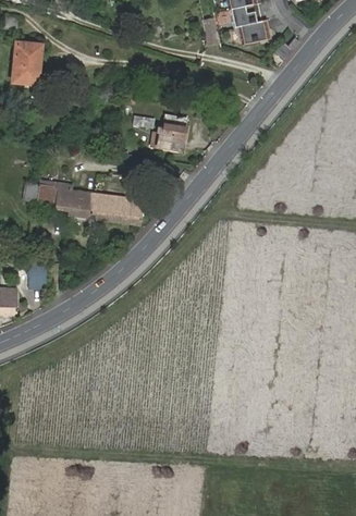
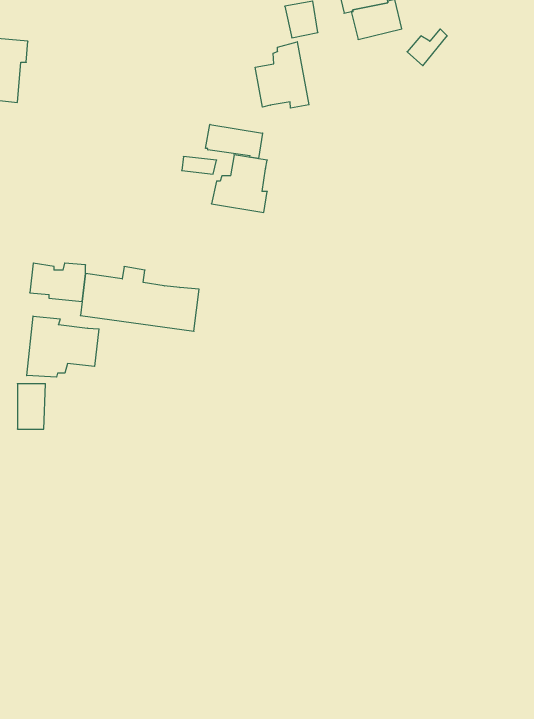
building: none -> [255,42,309,108]
building: none -> [206,124,263,159]
building: none -> [27,316,99,377]

